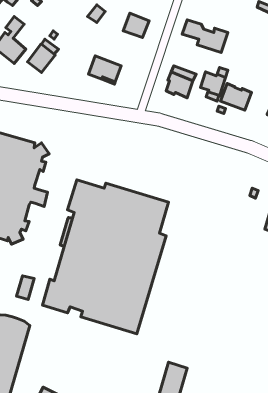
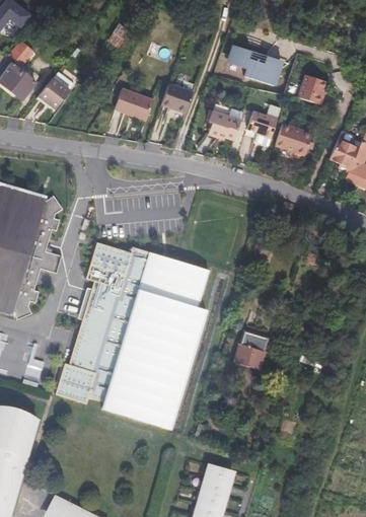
building: [123,13,149,37] -> [158,88,190,118]
building: none -> [296,75,324,104]
building: none -> [234,329,269,368]

